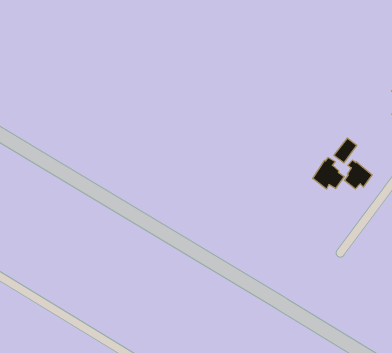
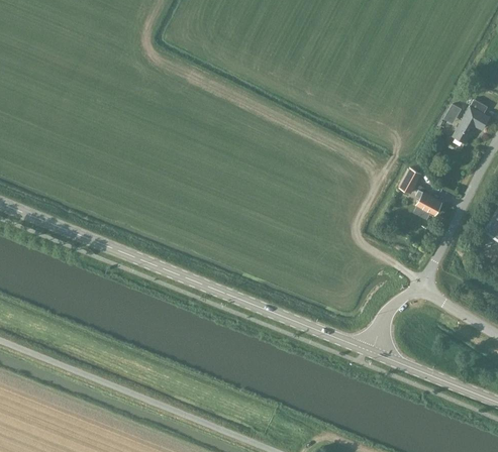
building: [313,158,344,189] -> none

